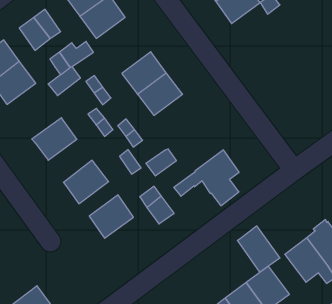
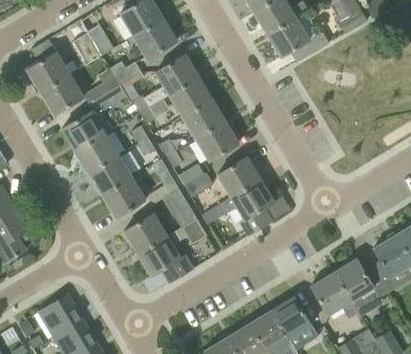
building: none -> [150,54,199,104]
building: none -> [196,121,239,161]
building: none -> [62,111,106,151]
building: none -> [217,157,261,197]
building: none -> [89,155,132,196]
building: none -> [137,231,189,284]
building: [237,226,280,272] -> none

